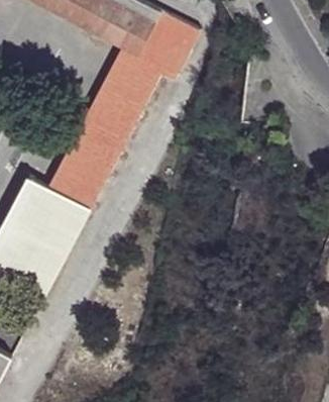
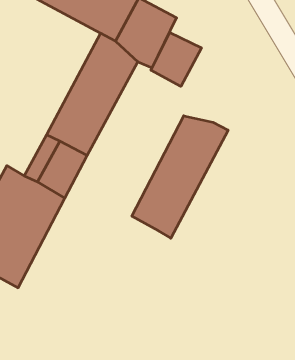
building: none -> [151,33,201,86]
building: none -> [132,116,228,238]

